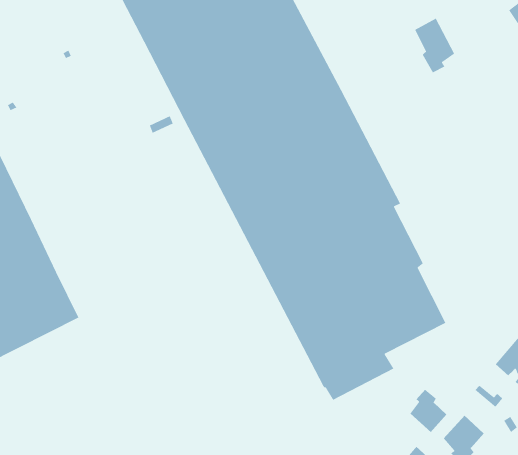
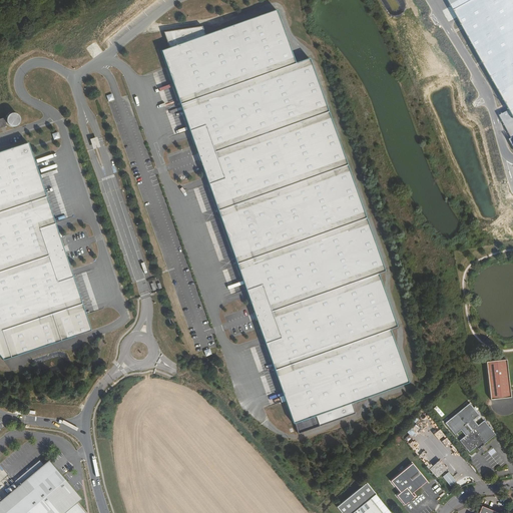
building: [414,18,455,74] -> none
building: [409,389,447,433] -> none

